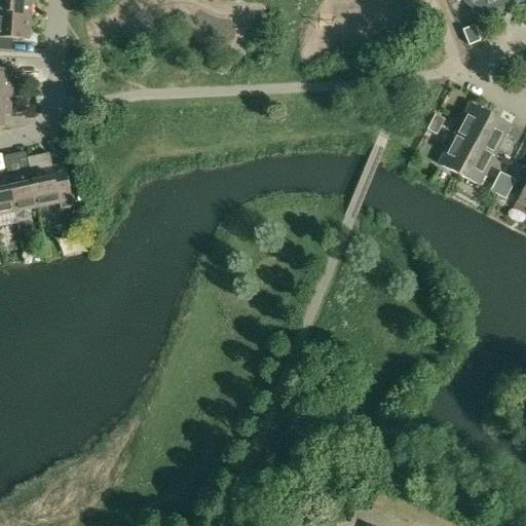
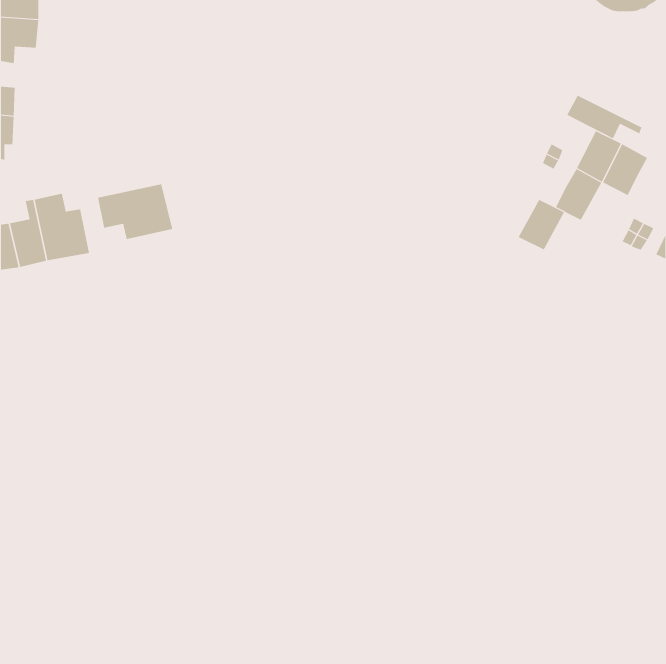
building: none -> [567,95,642,139]
building: [458,144,495,184] -> [518,199,565,250]
building: none -> [98,184,173,240]

